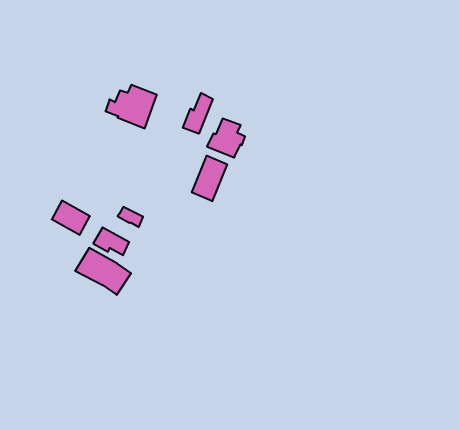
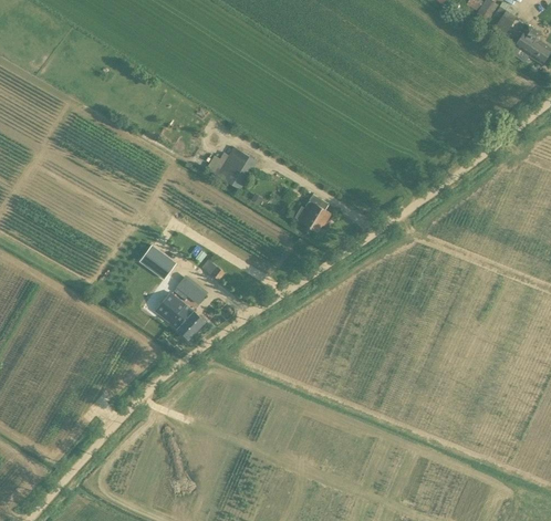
building: [183,93,213,134] -> none
building: [192,156,227,201] -> none

